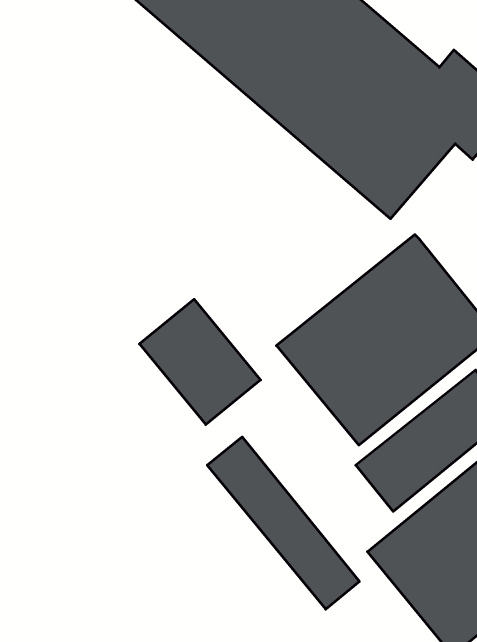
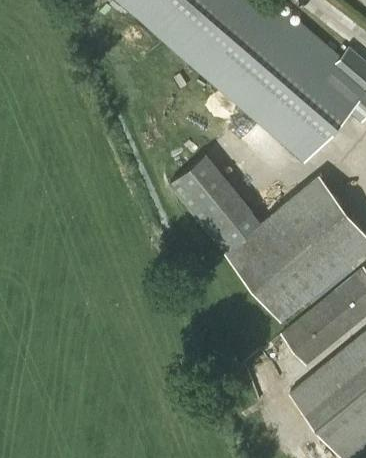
building: [139,299,261,425] -> [167,153,251,240]
building: [207,437,359,609] -> none

